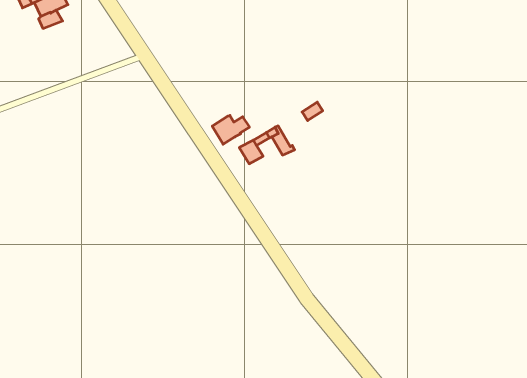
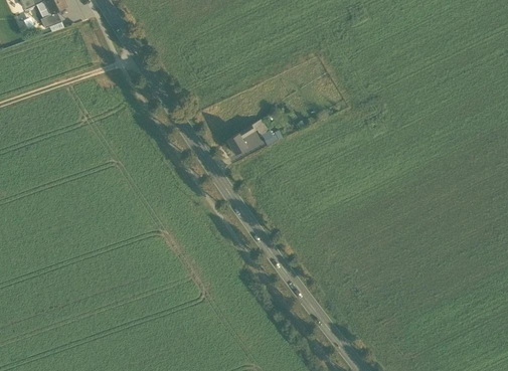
building: [212,115,249,144] -> none

